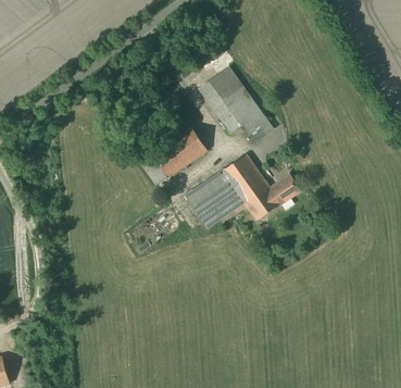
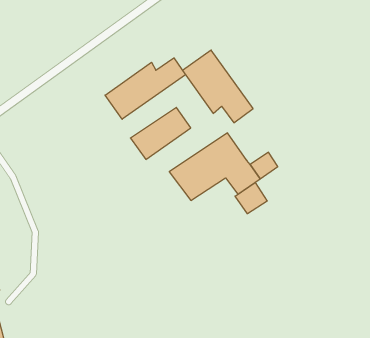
building: none -> [105,58,185,119]
building: none -> [235,182,267,214]

